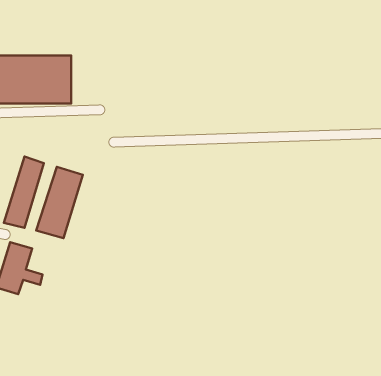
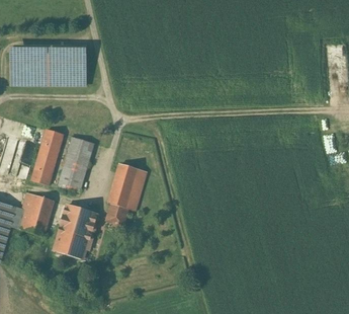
building: none -> [108,162,148,221]
building: none -> [55,204,97,256]

